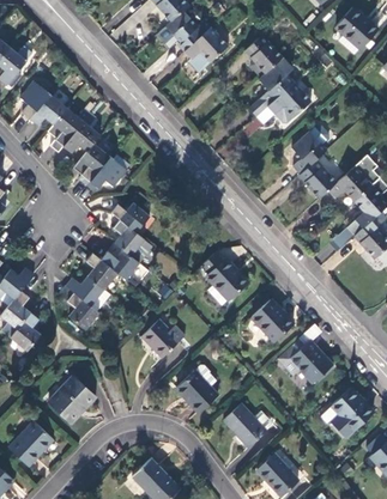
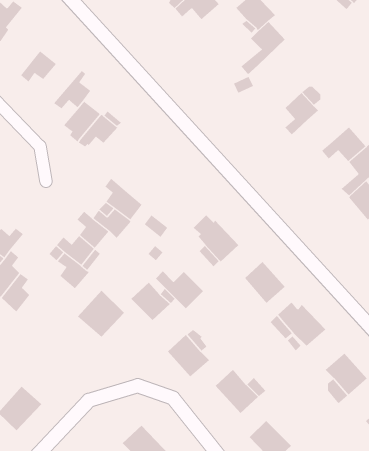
building: [22,79,50,117] -> none
building: [265,83,309,124] -> none
building: [48,107,91,151] -> none
building: [296,162,334,200] -> none
building: [111,201,151,232] -> none
building: none -> [155,271,204,309]
building: [48,375,95,421] -> [77,290,125,337]

